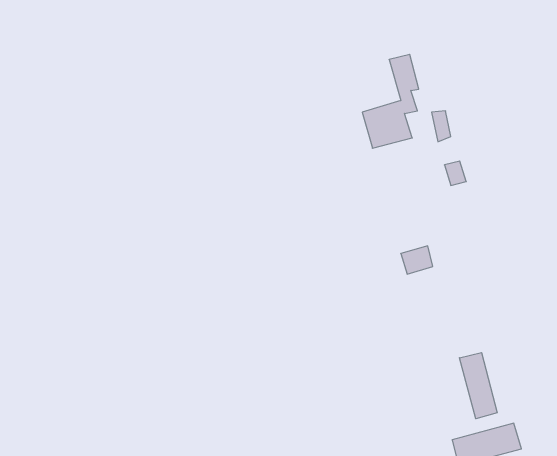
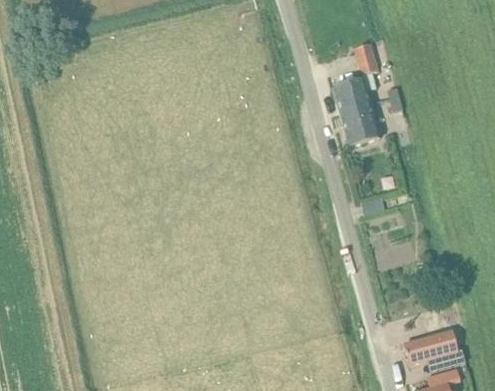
building: none -> [341,108,379,145]
building: [459,353,497,419] -> none

